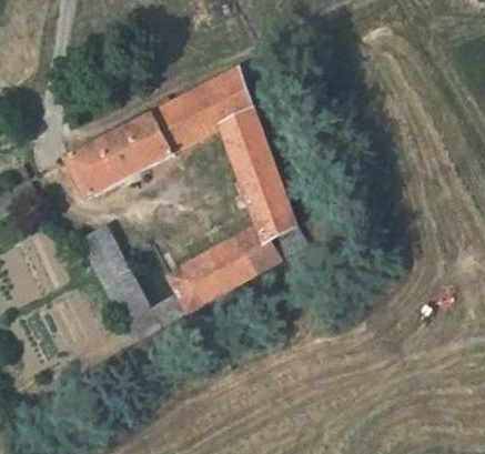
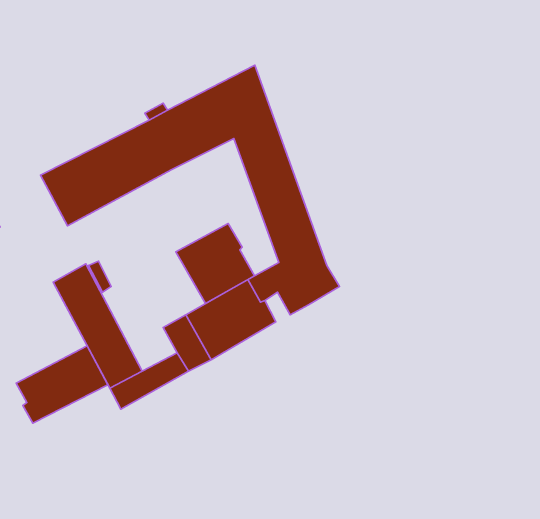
building: none -> [176,224,254,304]
building: none -> [16,346,108,423]

